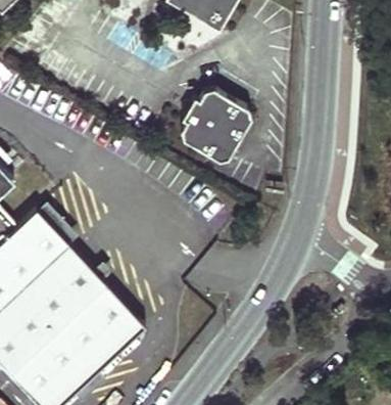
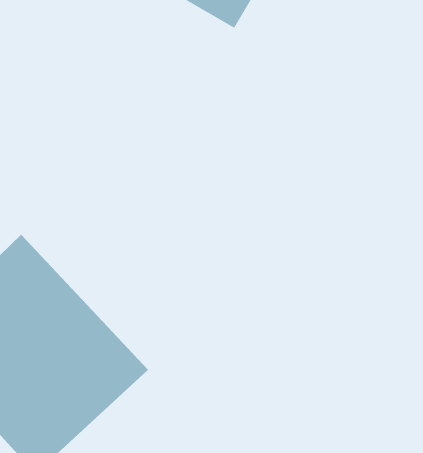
building: [181,90,250,163] -> none

